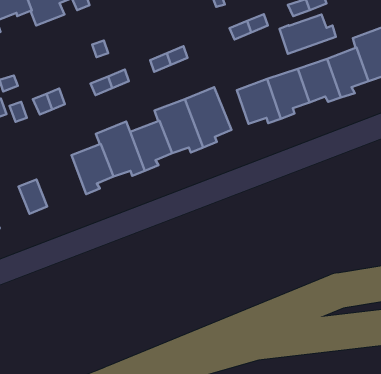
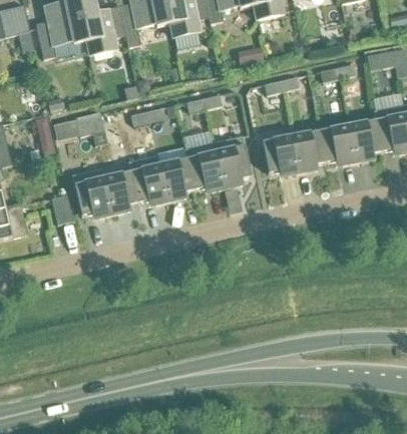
building: [280,14,336,54] -> none
building: none -> [72,166,111,216]

